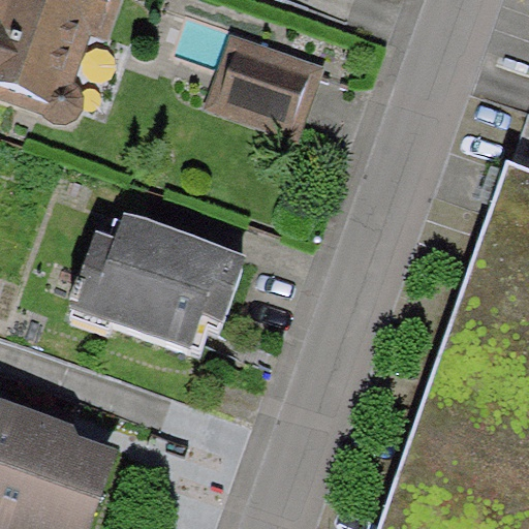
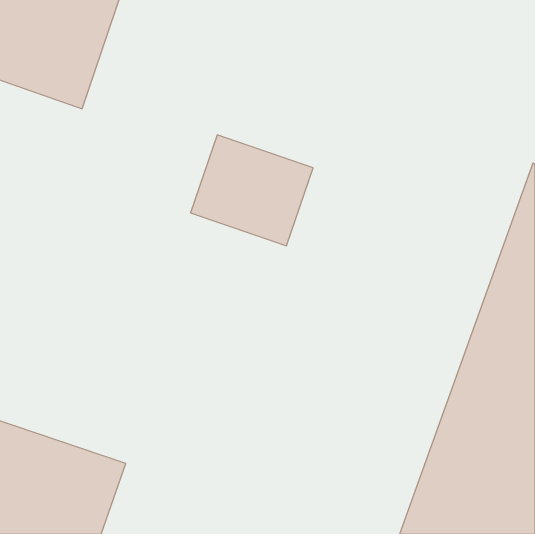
building: [197,23,316,130] -> [191,135,313,246]
building: [68,208,249,361] -> none

